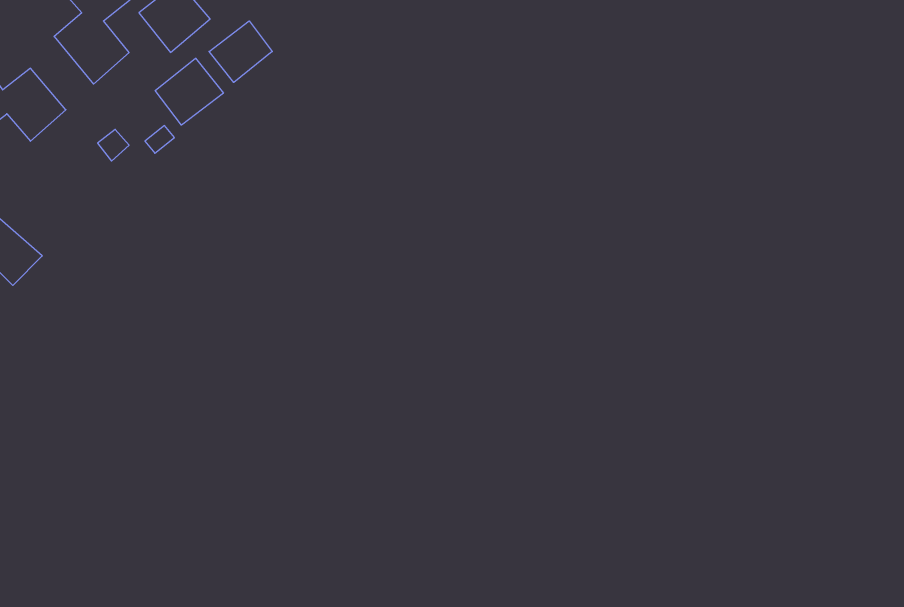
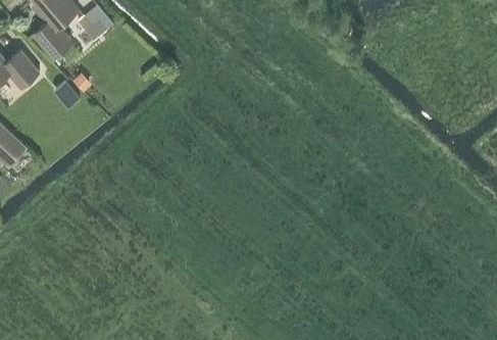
building: [209,21,272,82] -> none
building: [155,58,223,125] -> none

